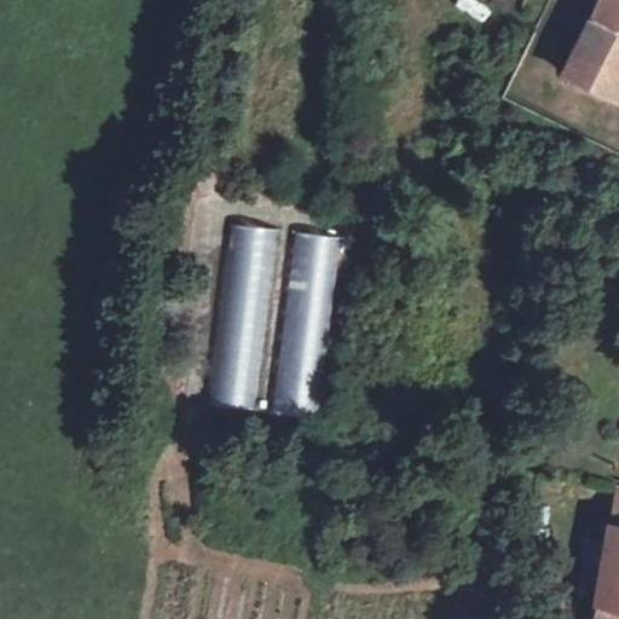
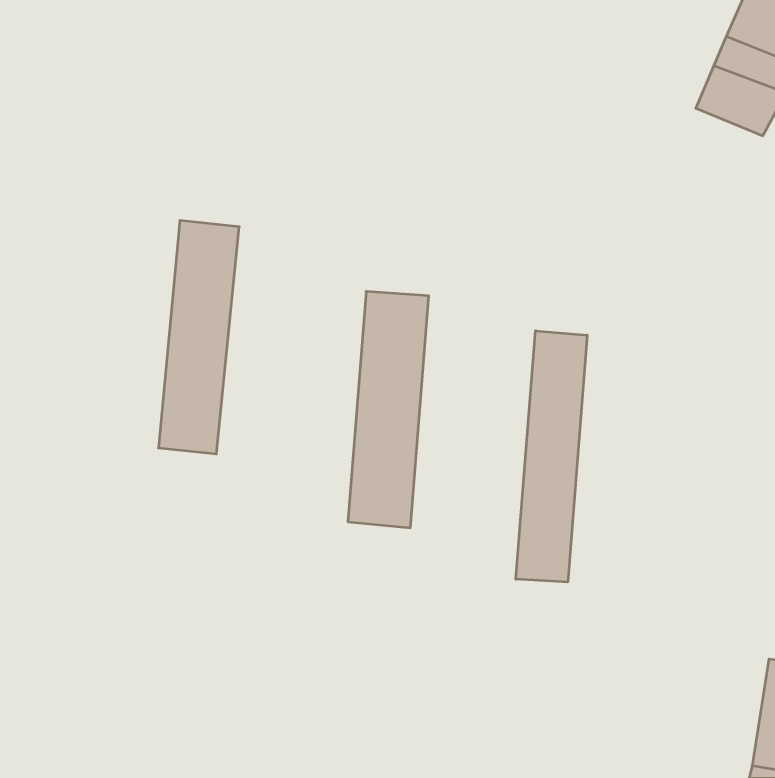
building: [215,222,279,407] -> [158,221,239,454]
building: none -> [516,331,587,582]

